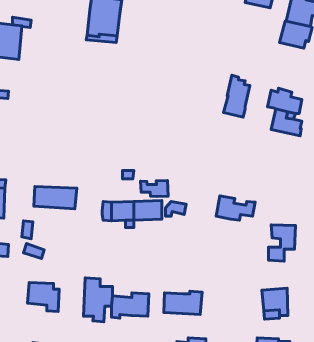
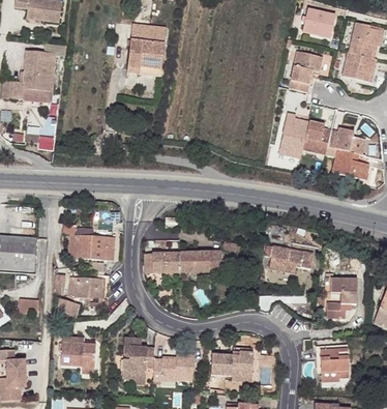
building: none -> [287,51,320,92]
building: none -> [301,120,330,154]
building: [140,180,168,197] -> none
building: none -> [75,276,103,298]

